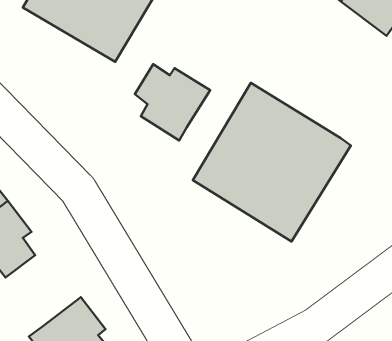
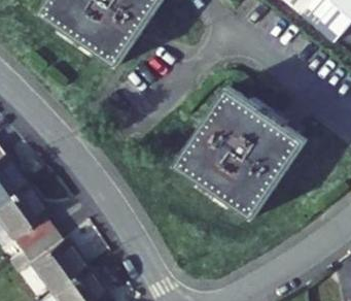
building: [135,64,210,140] -> none
building: none -> [22,227,84,287]

